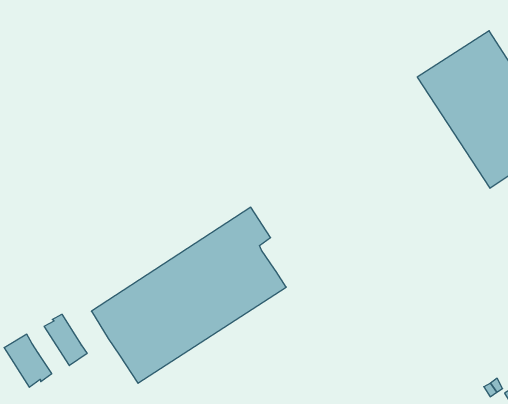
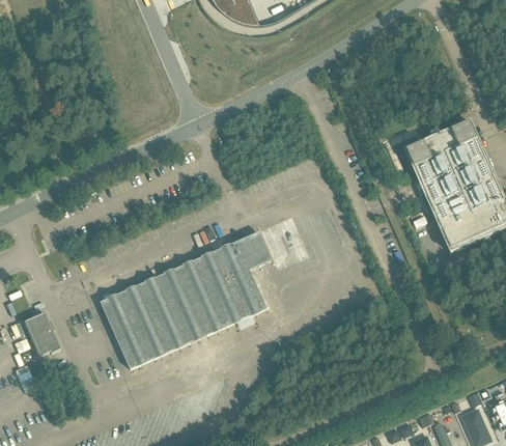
building: [44,314,87,366] -> none

